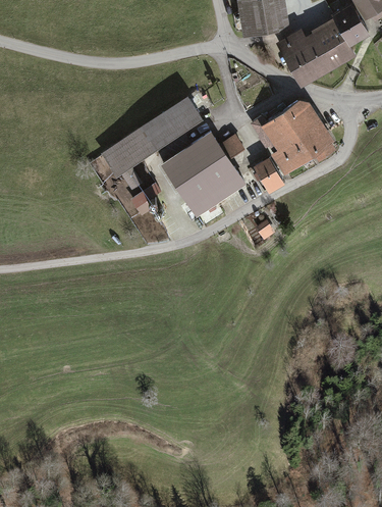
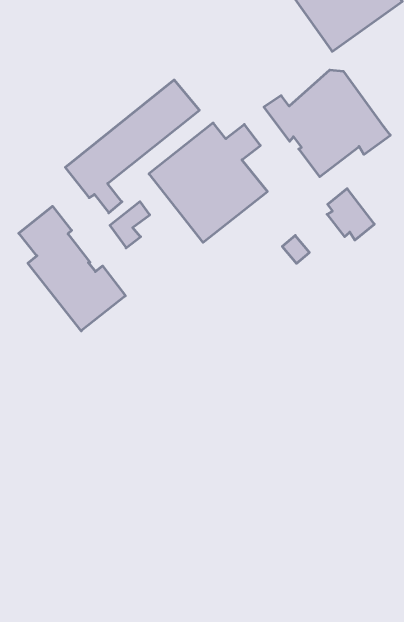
building: [253,157,286,195] -> [327,189,374,240]
building: none -> [19,206,125,331]

